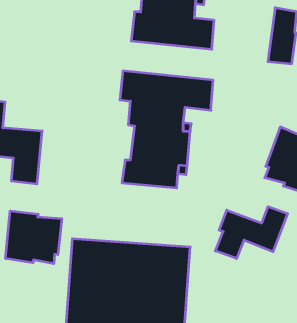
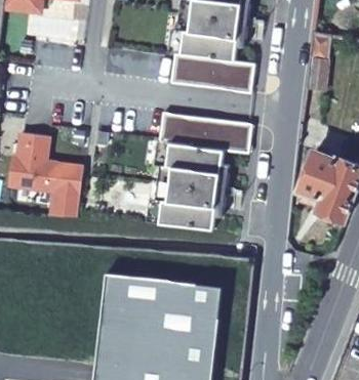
building: [215,207,288,259] -> none
building: [6,211,62,264] -> none

